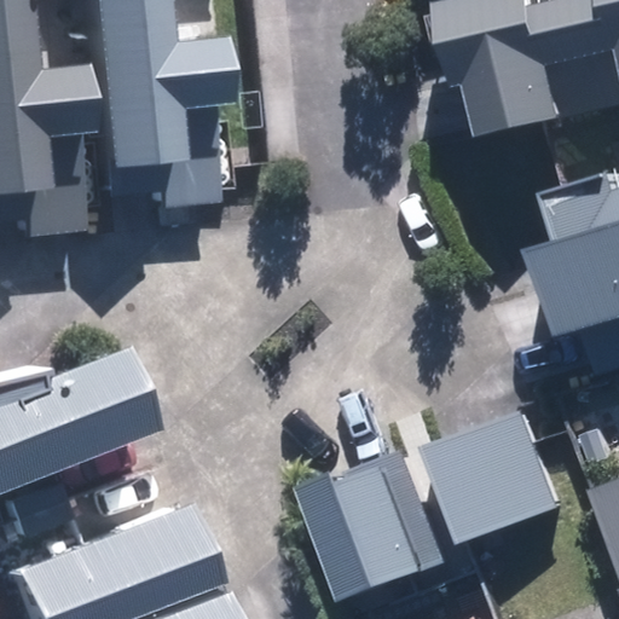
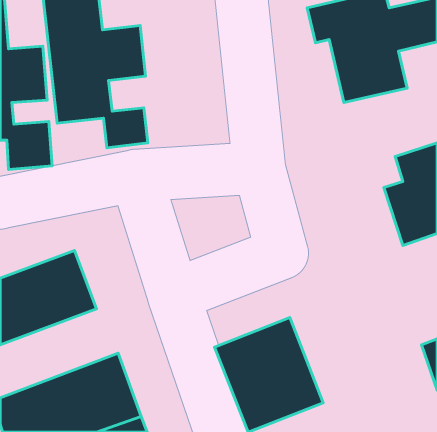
building: [429,410,566,550] -> none

